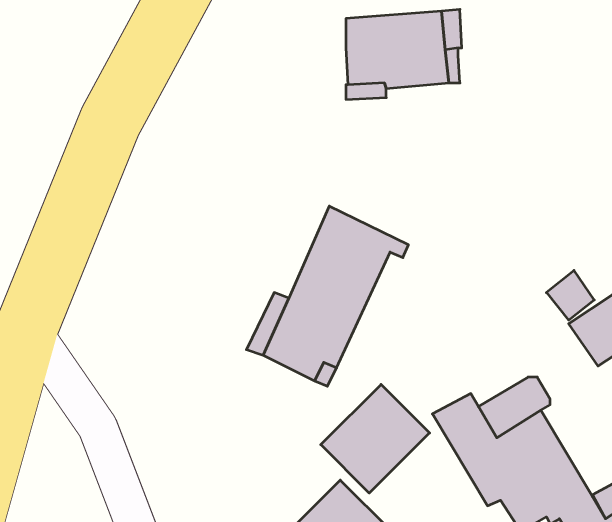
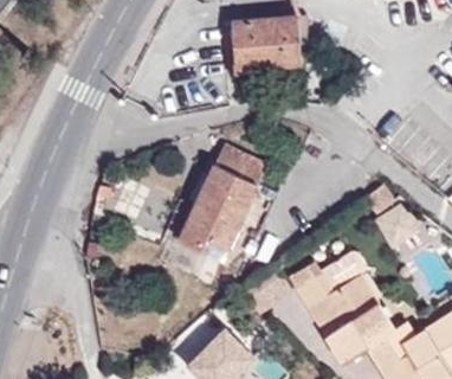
building: [321,384,430,493] -> none

